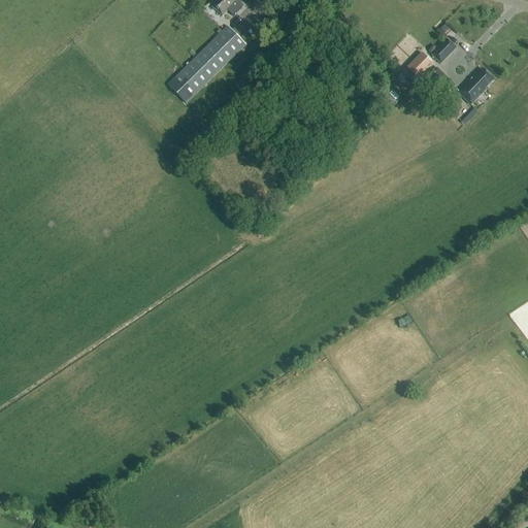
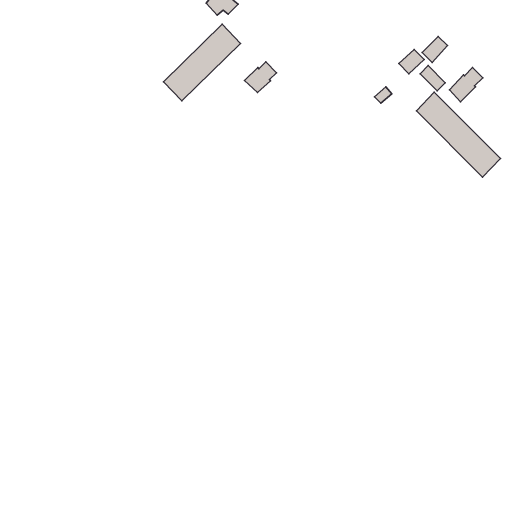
building: none -> [245,62,276,93]
building: none -> [416,92,501,177]

